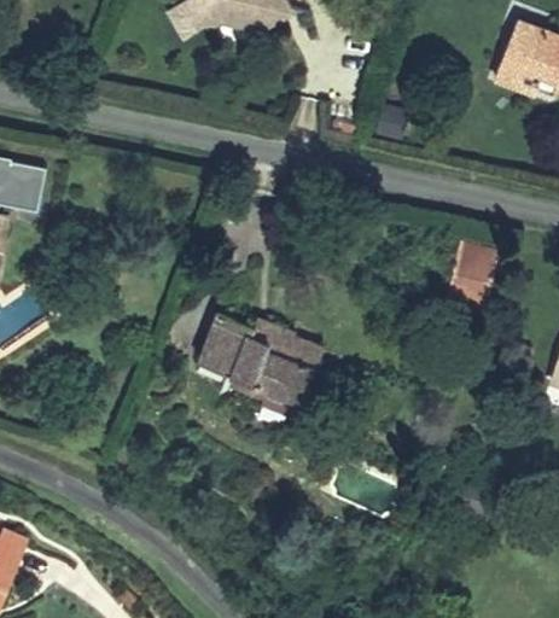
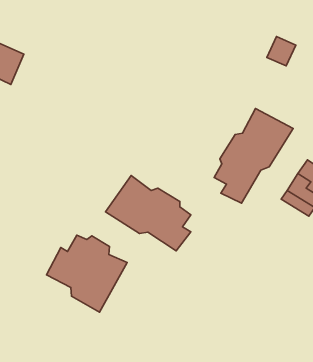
building: none -> [214,108,293,203]
building: none -> [47,235,127,312]

